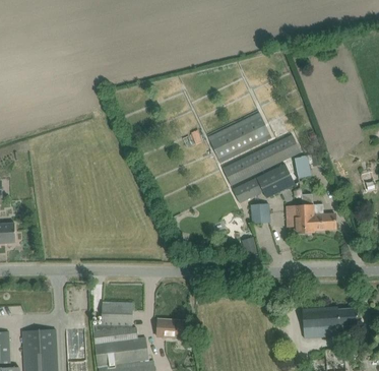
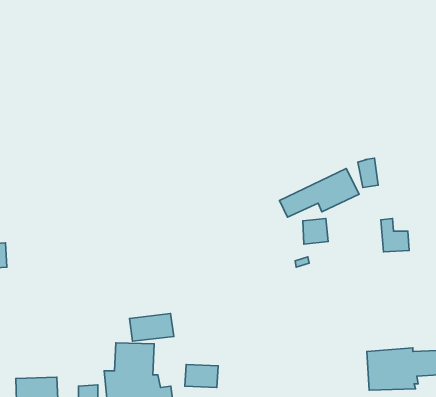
building: [207,112,270,162] -> none
building: [222,134,300,185] -> none
building: [285,193,314,233] -> none
building: none -> [129,314,174,341]

